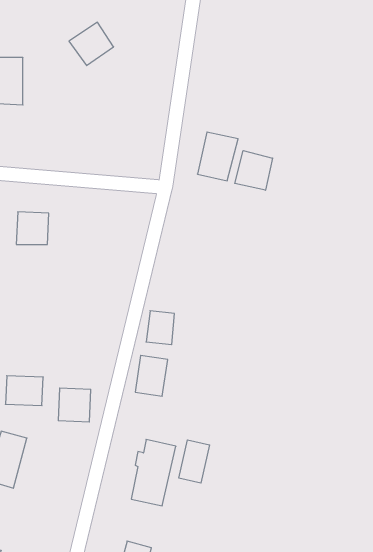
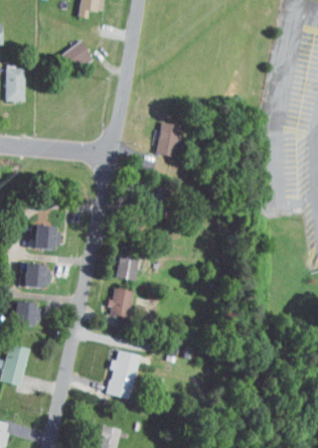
building: [235,151,273,190] -> none
building: [16,212,49,244] -> [33,225,57,249]
building: [58,388,91,422] -> [23,263,47,288]
building: [179,440,210,483] -> none

